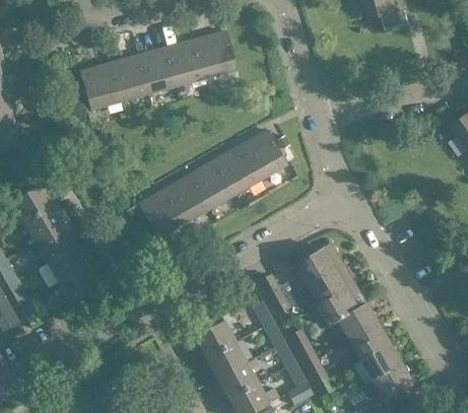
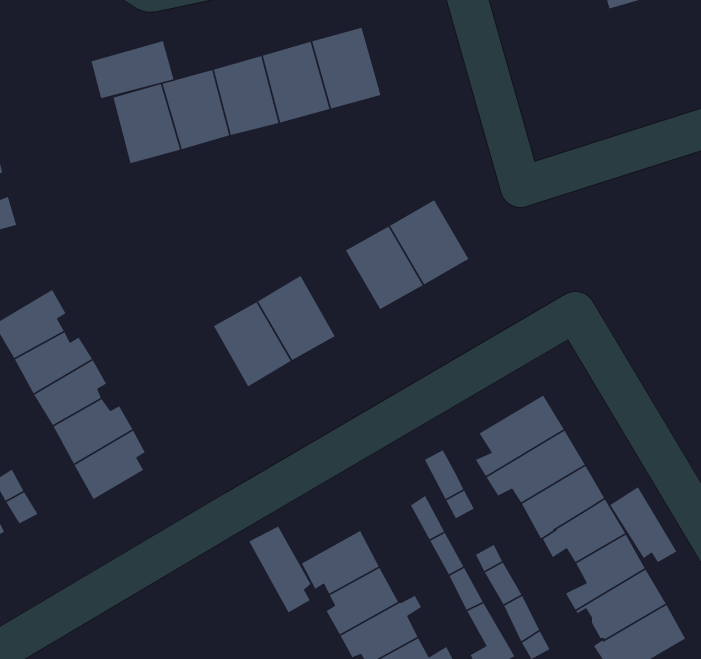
building: none -> [91,40,174,99]
building: [190,158,236,208] -> none
building: none -> [609,486,677,563]
building: none -> [248,525,312,613]

